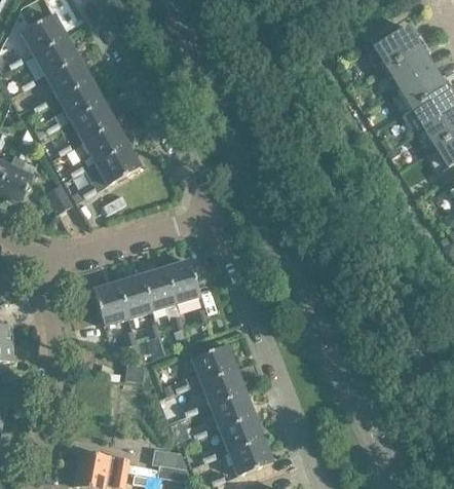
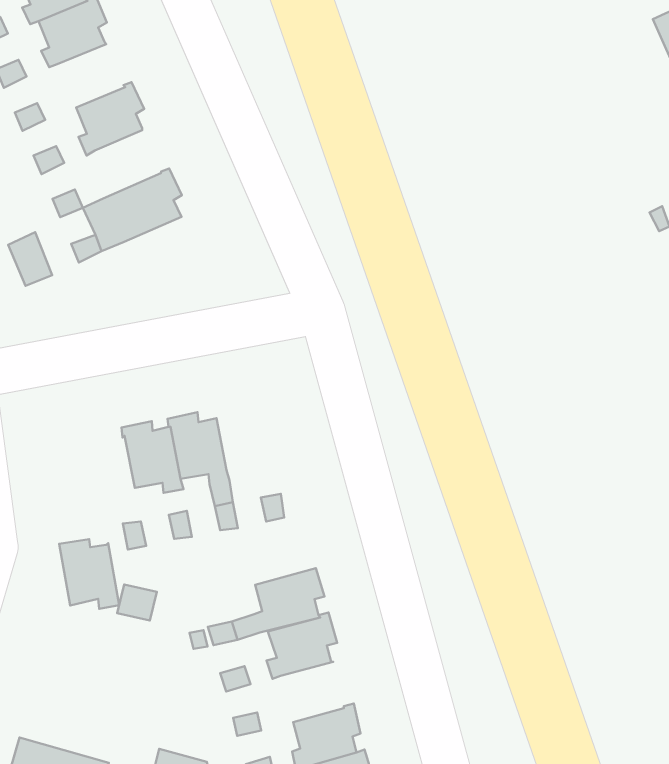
building: [62,79,99,120] -> none
building: [86,122,122,163] -> none
building: [163,263,199,299] -> none
building: [92,286,127,322] -> [59,539,119,609]
building: [214,391,250,428] -> none

